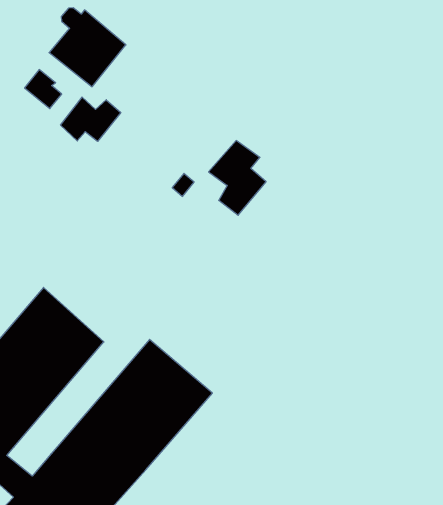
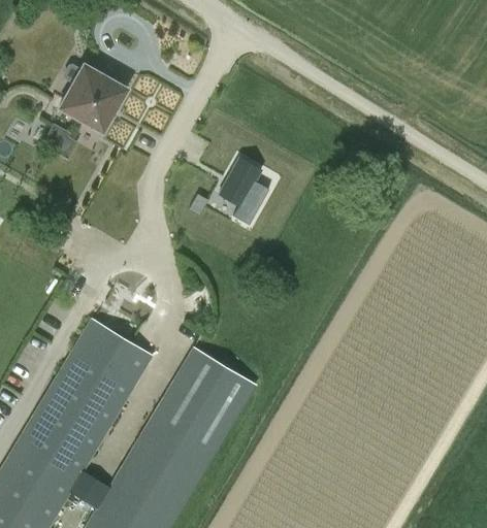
building: [61,97,121,141] -> none

